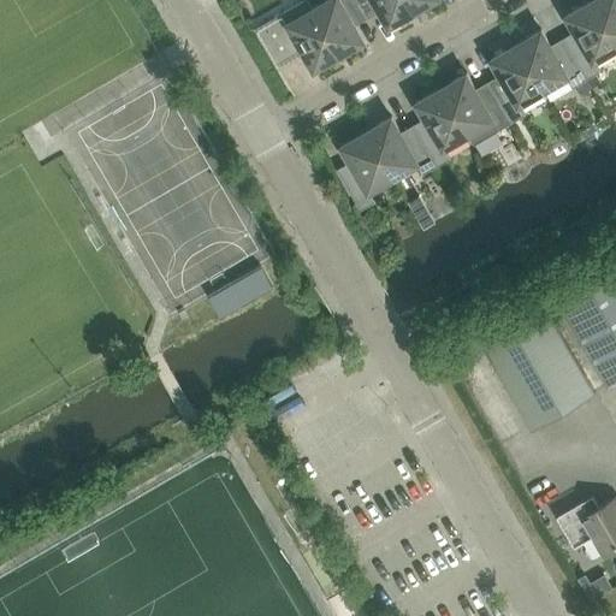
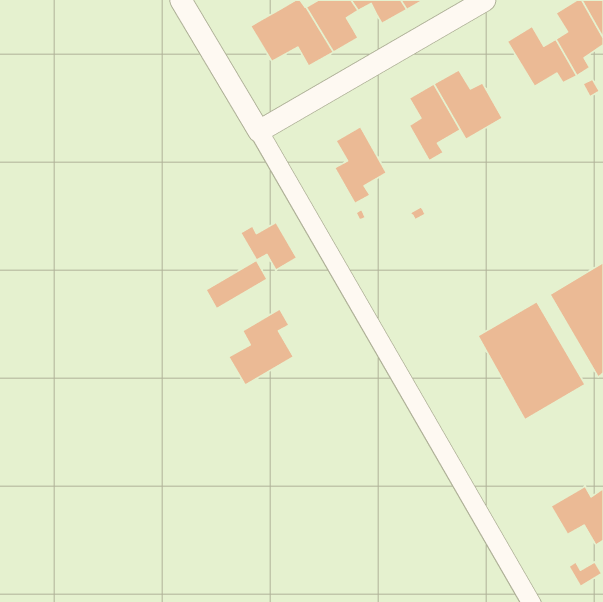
building: [491,45,544,123] -> none
building: [367,117,437,178] -> none
building: none -> [240,215,297,270]
building: none -> [229,309,304,385]

